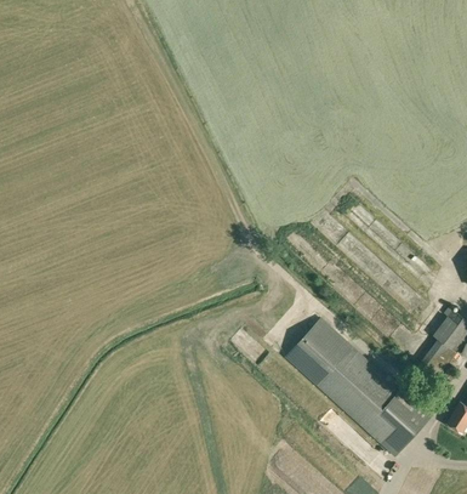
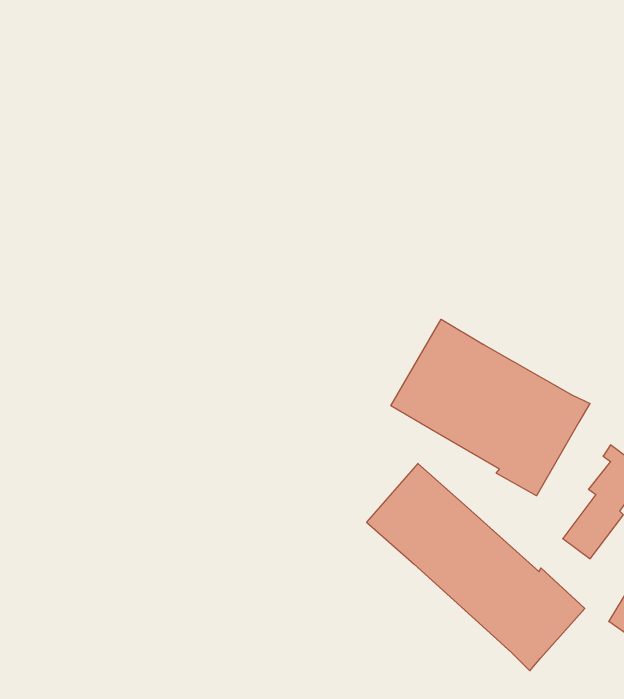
building: none -> [391,319,590,496]

